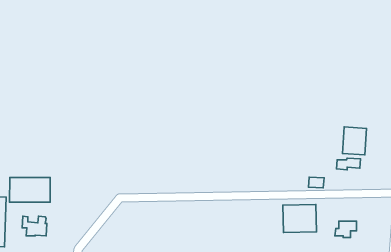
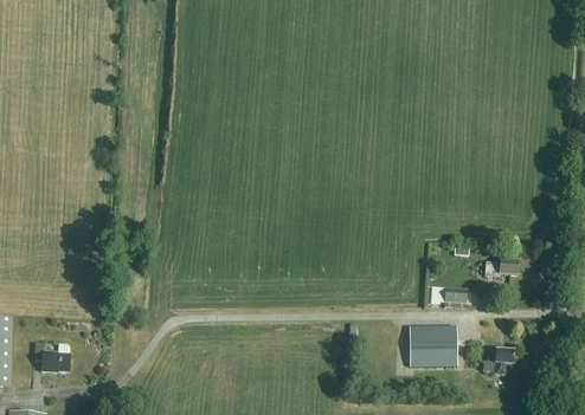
building: [342,127,367,155] -> none
building: [10,178,50,202] -> none

